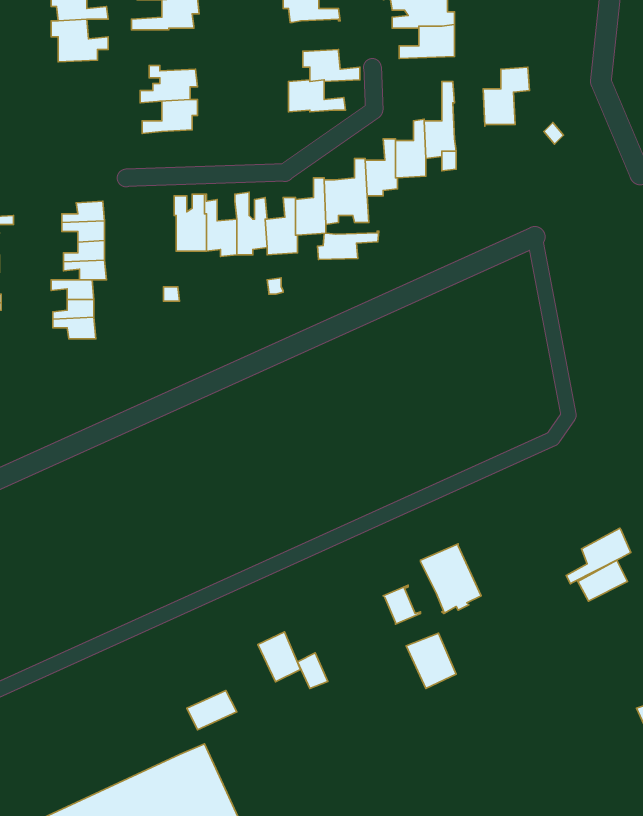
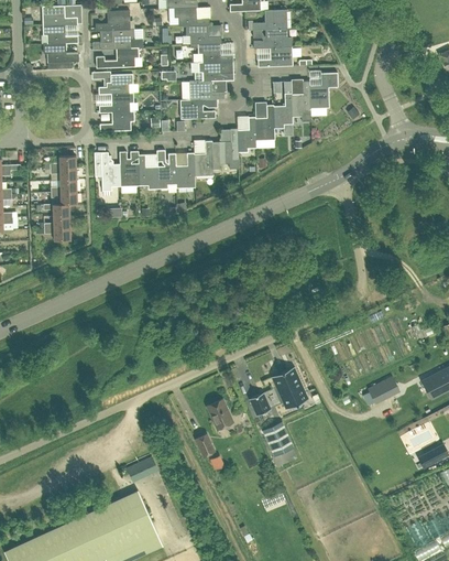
building: none -> [197,42,232,62]
building: none -> [96,46,139,67]
building: none -> [291,80,310,121]
building: none -> [179,98,217,118]
building: none -> [99,110,134,130]
building: none -> [94,151,120,190]
building: [317,231,379,260] -> none
building: [566,528,631,584] -> none
building: [258,632,301,682] -> [206,398,232,429]

